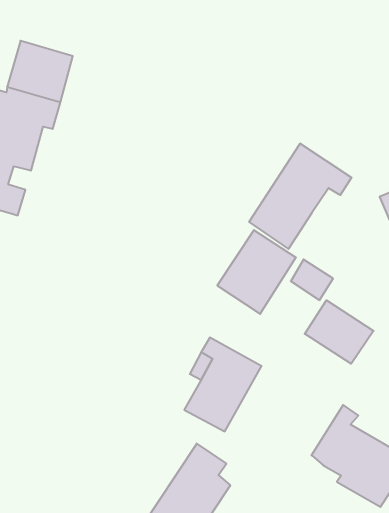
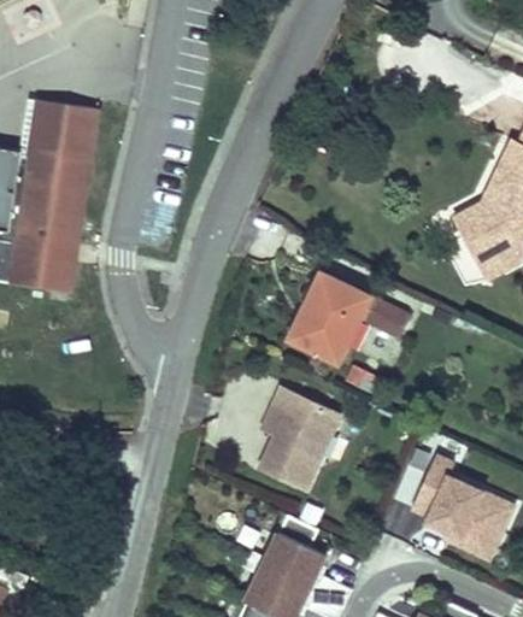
building: none -> [43,188,84,298]
building: [249,143,351,249] -> none
building: [305,300,374,364] -> none

